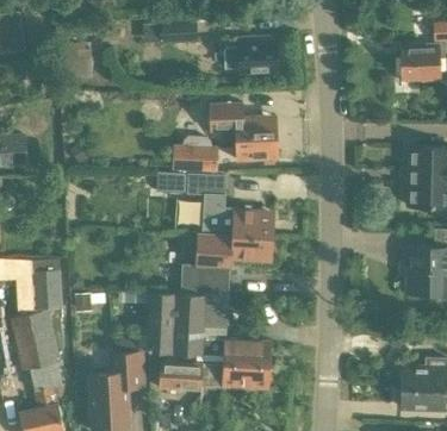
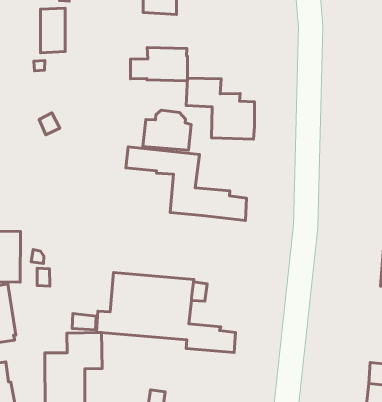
building: [223,37,279,69] -> [131,48,188,81]
building: [181,233,274,294] -> none
building: [159,363,271,392] -> none

